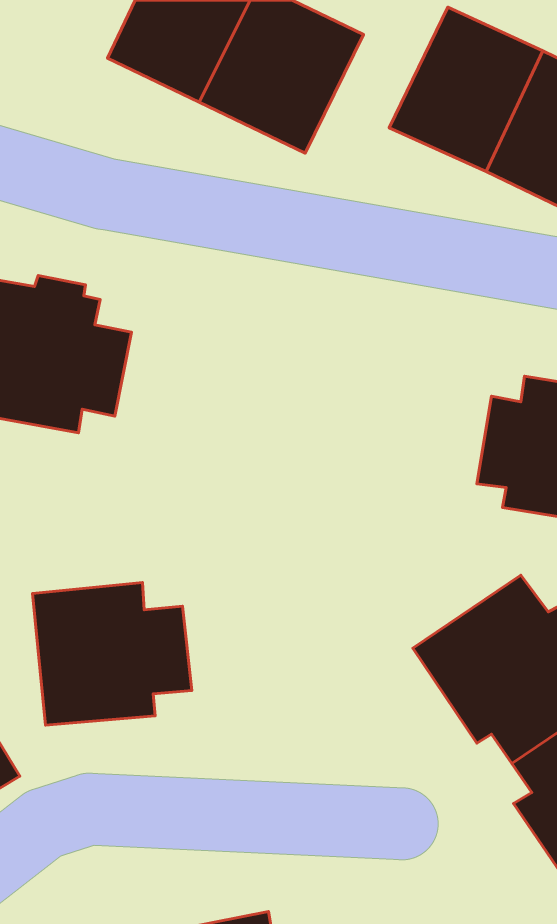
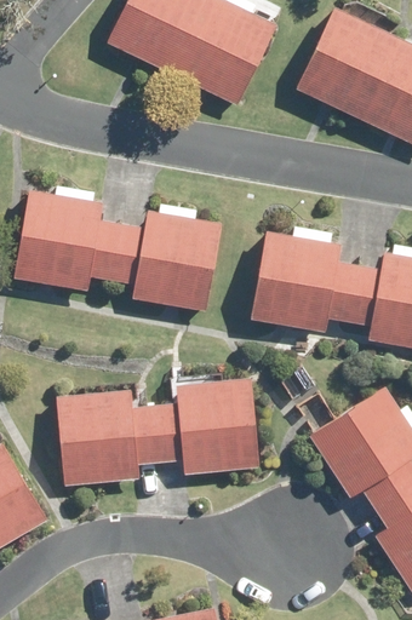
building: none -> [110,207,221,312]
building: none -> [251,226,360,332]
building: none -> [155,378,258,476]

